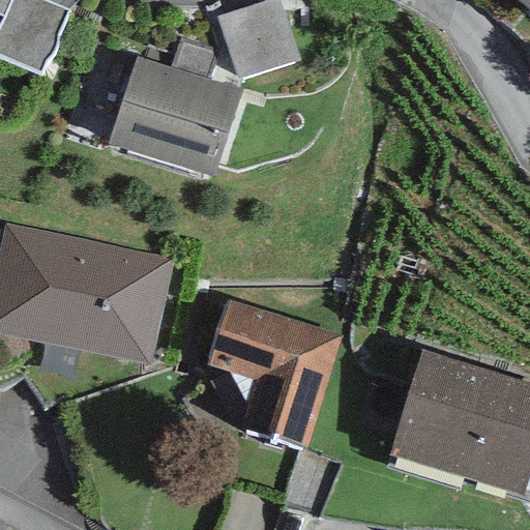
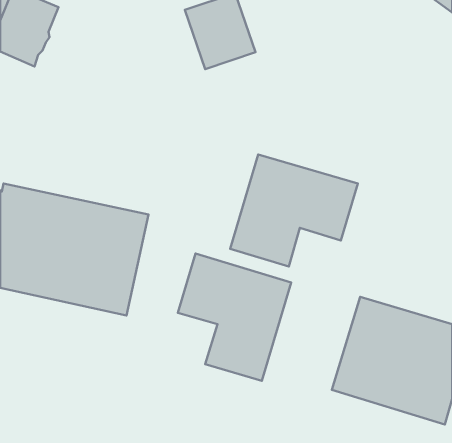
building: [107,30,242,180] -> none
building: none -> [230,154,358,267]

